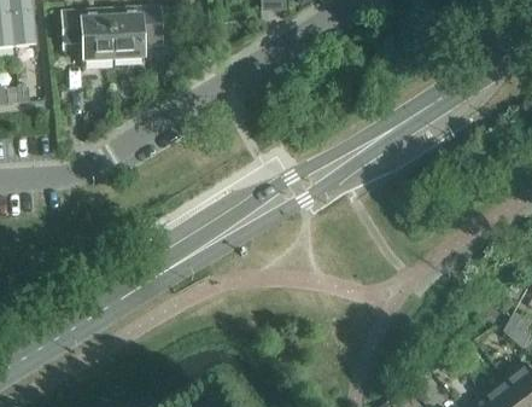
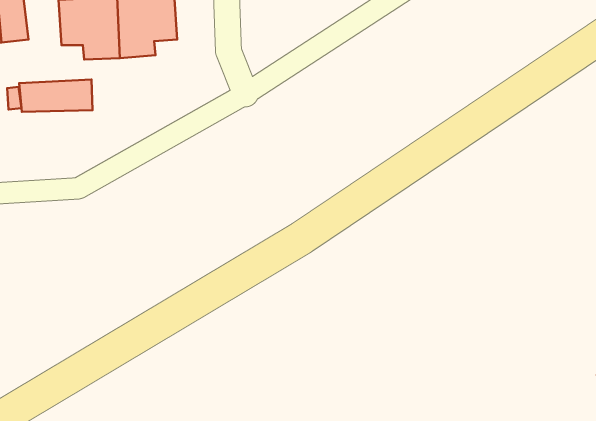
building: none -> [19,80,93,112]

